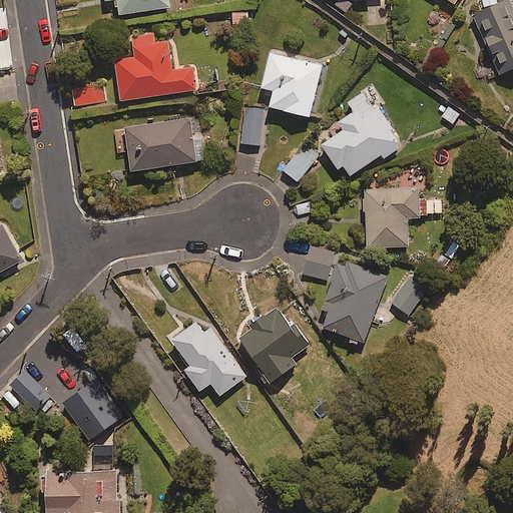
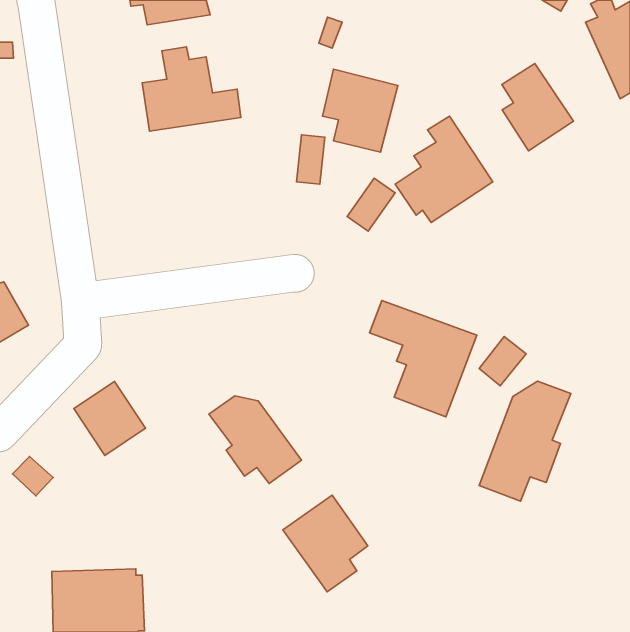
building: none -> [502,63,573,151]
building: [125,123,203,176] -> none
building: [362,182,443,243] -> none
building: [235,303,305,381] -> [283,495,368,592]
building: none -> [479,381,571,501]
building: [63,382,121,442] -> [74,381,145,456]

